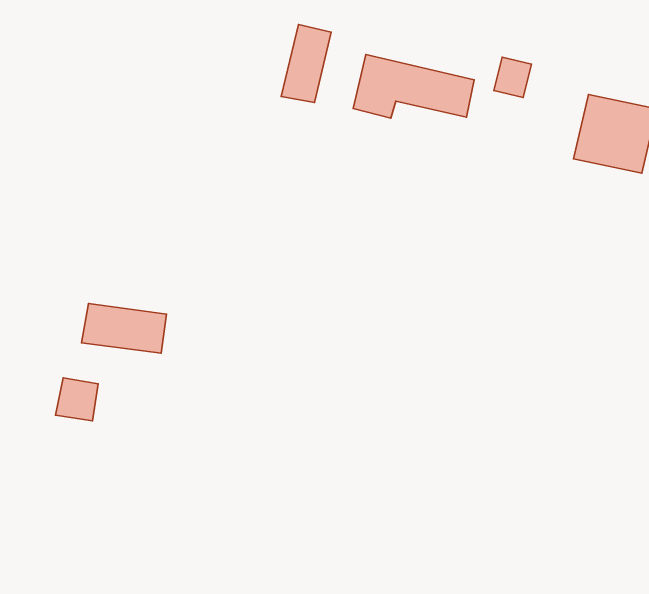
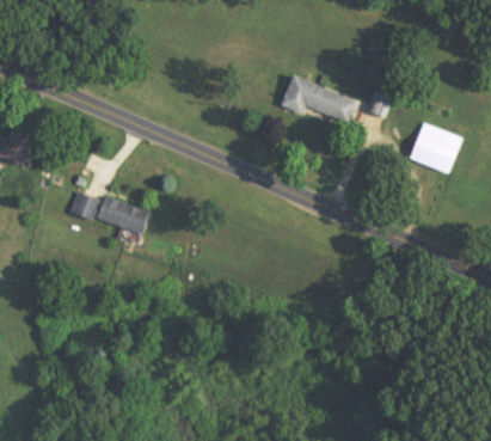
building: [281,25,331,102] -> none
building: [56,378,98,421] -> [68,191,97,220]

